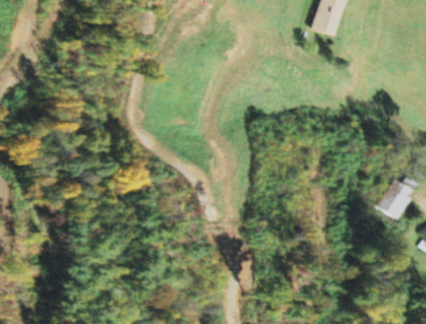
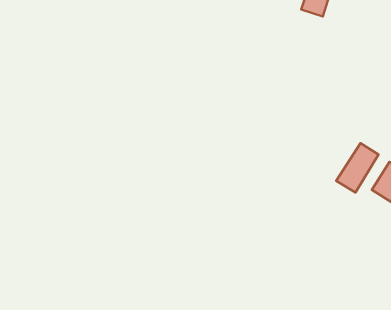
building: none -> [336,143,378,192]

